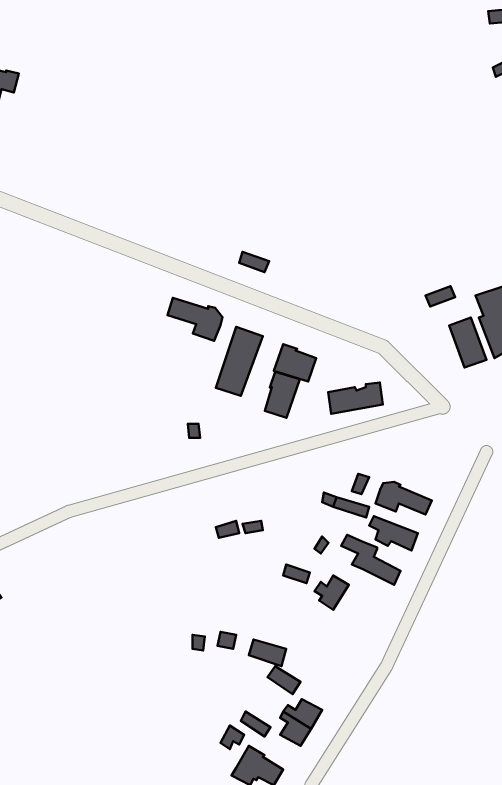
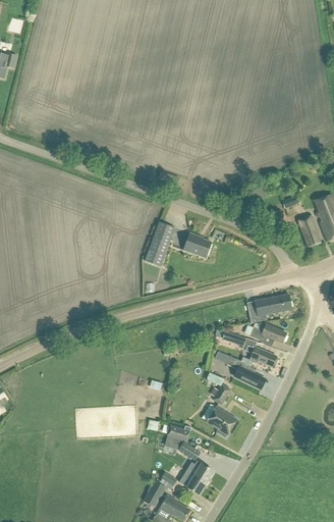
building: [168,298,223,341] -> none
building: [265,372,300,418] -> none
building: [328,383,383,414] -> [255,295,290,315]
building: none -> [205,406,235,435]

